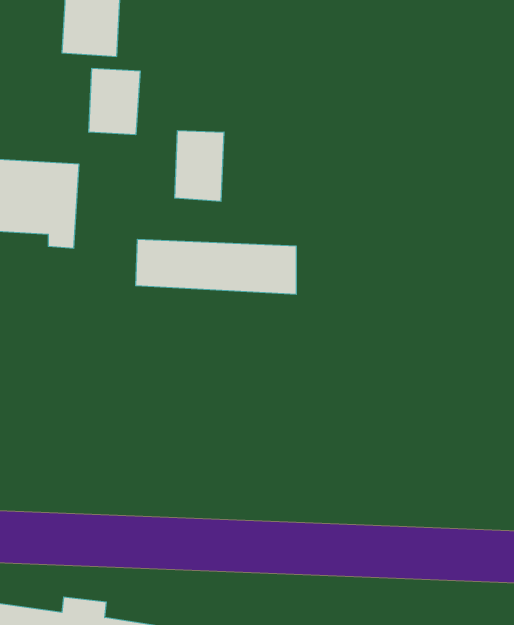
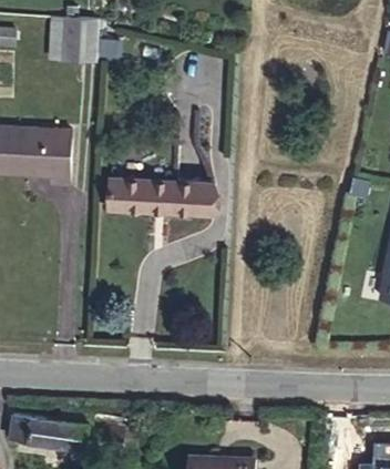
building: [89,68,140,135] -> none
building: [175,131,224,201] -> none

